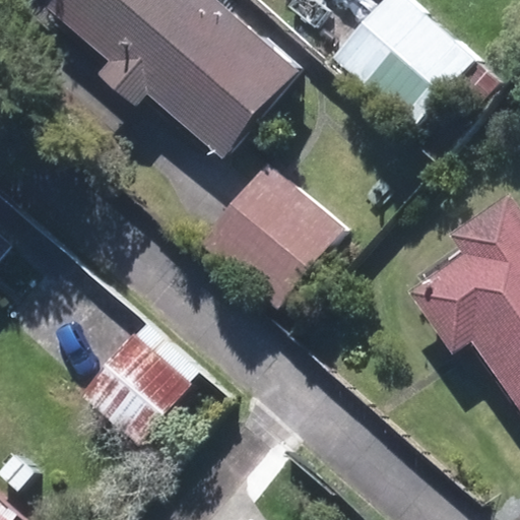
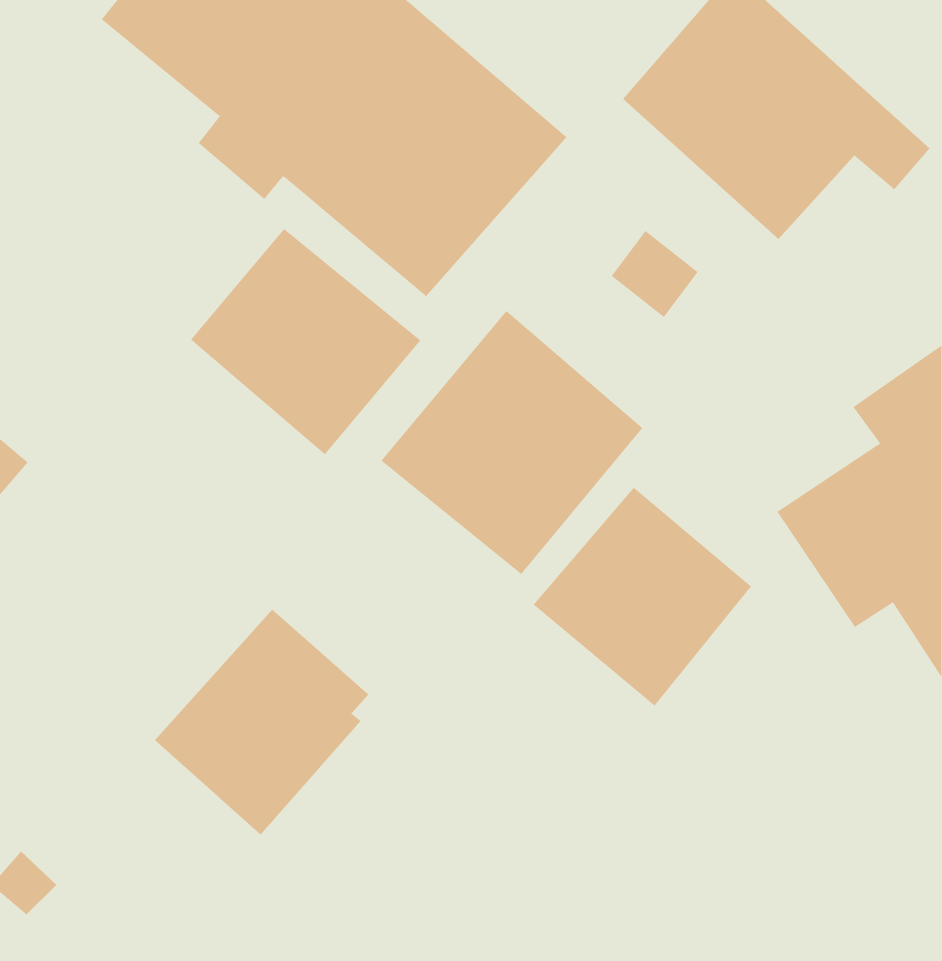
building: none -> [190,228,421,455]
building: none -> [533,487,752,706]

